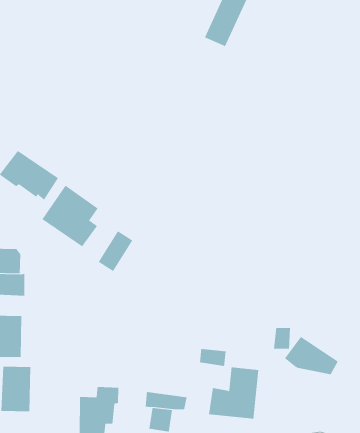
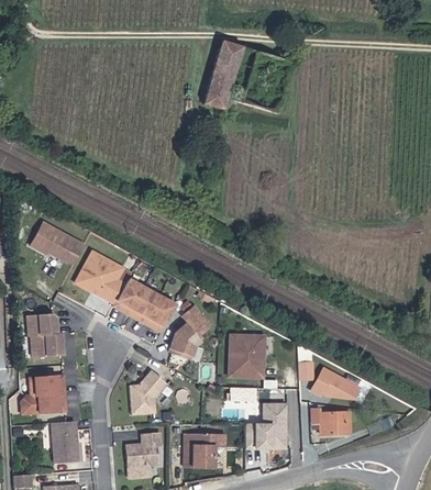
building: none -> [111,277,144,316]
building: none -> [144,293,176,333]
building: none -> [167,303,211,359]
building: none -> [226,332,265,378]
building: none -> [129,369,167,415]
building: none -> [310,405,353,432]

